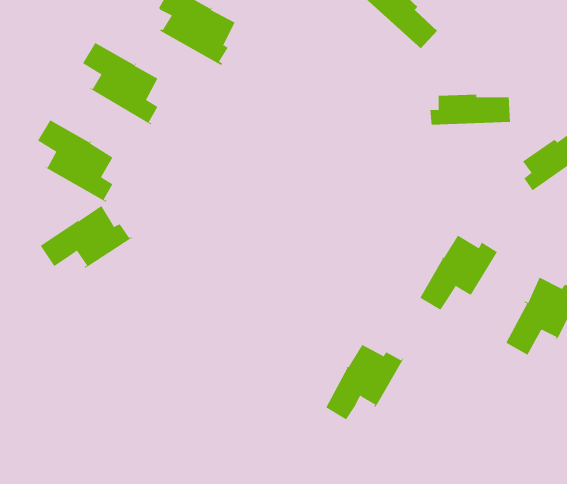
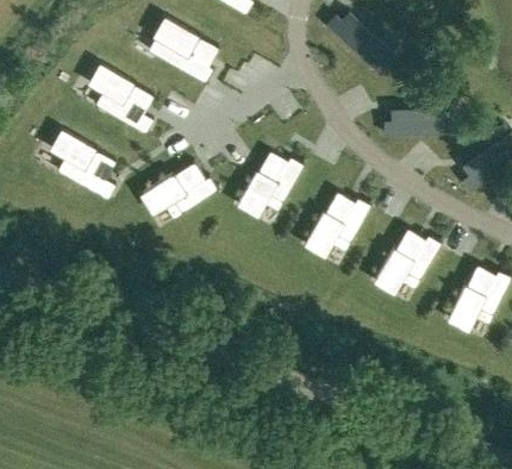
building: none -> [238,150,306,215]
building: [40,205,133,268] -> [142,161,220,214]
building: [325,344,404,420] -> [306,190,373,255]

